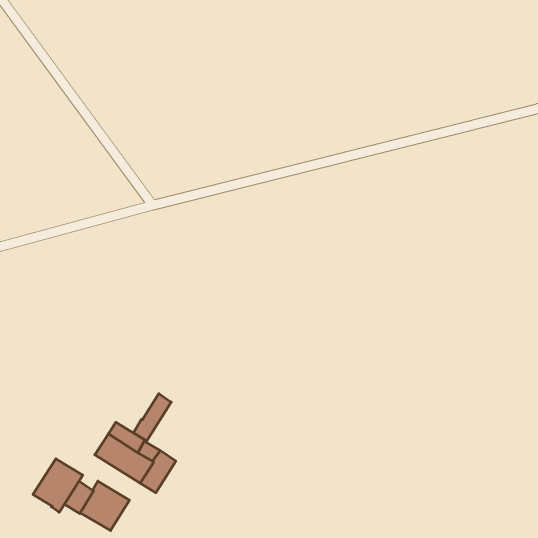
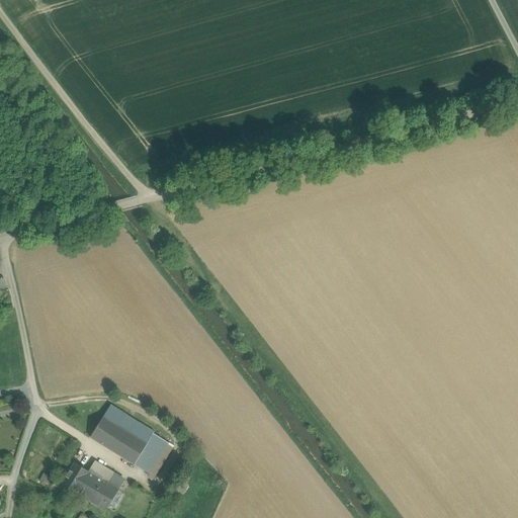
building: [133,394,171,441] -> none
building: [33,459,83,512] -> none

